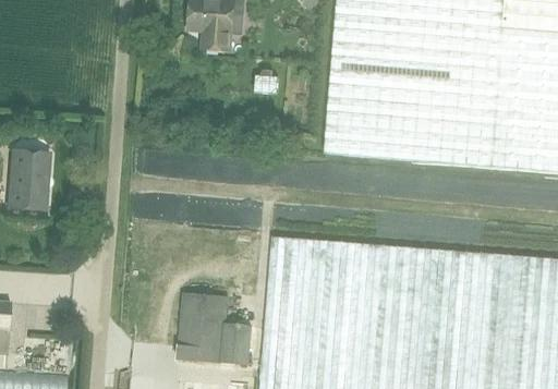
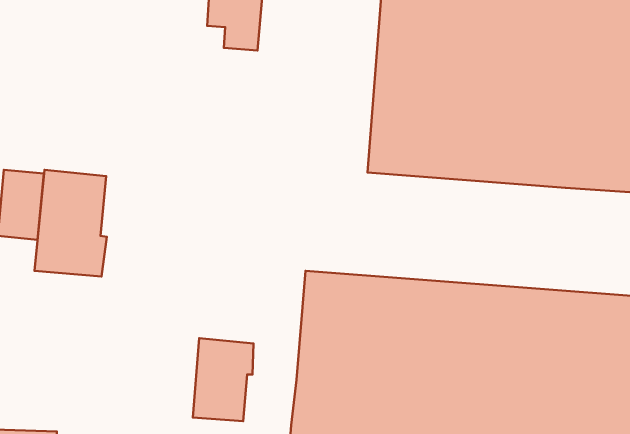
building: none -> [34,170,107,276]
building: [219,325,251,366] -> none

